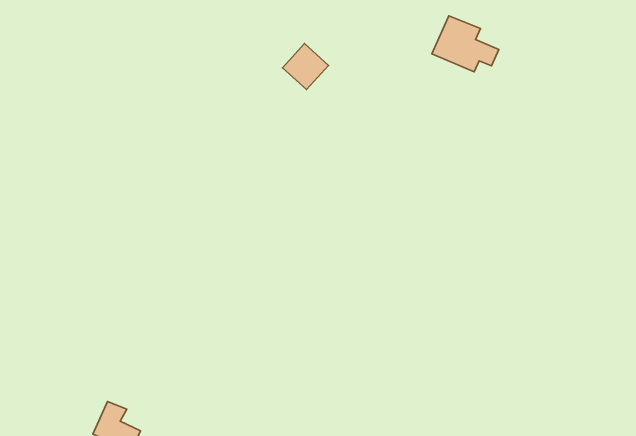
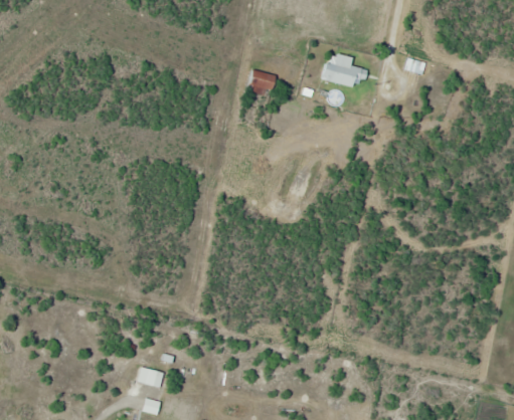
building: [283,44,329,90] -> [246,68,278,99]

